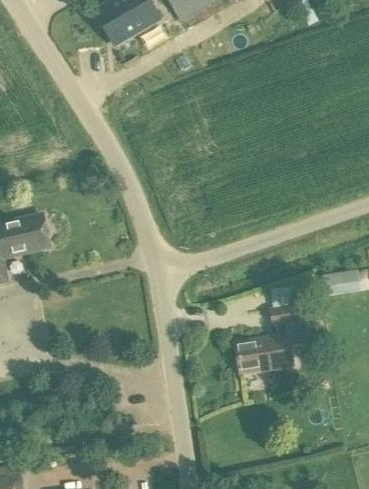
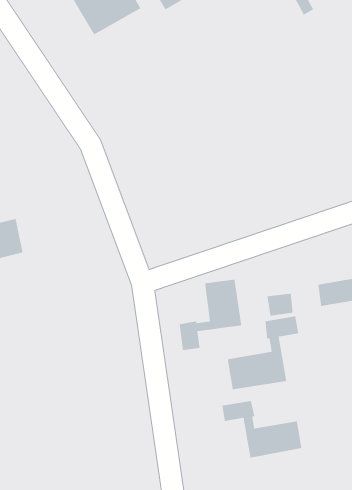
building: none -> [179,279,242,351]
building: none -> [221,400,302,458]

